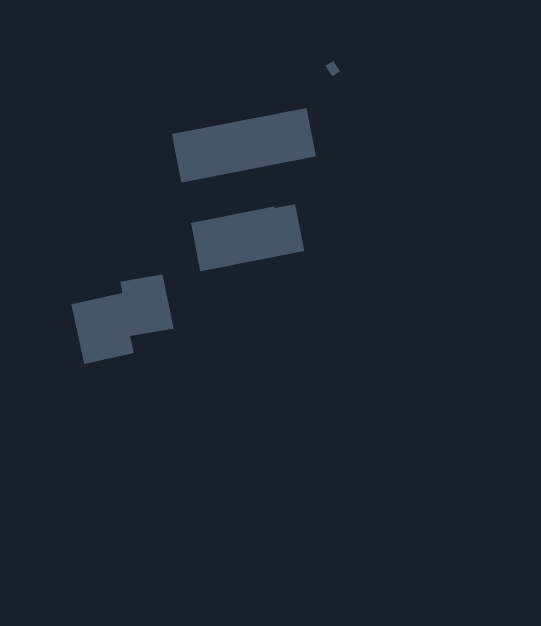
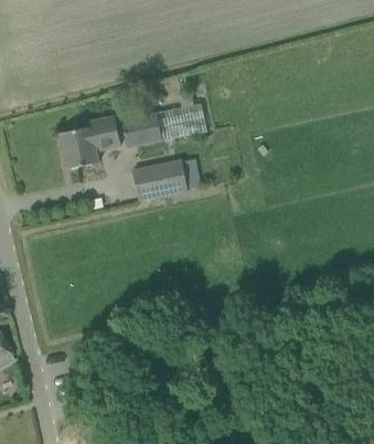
building: [70,274,174,365] -> [61,116,121,169]

